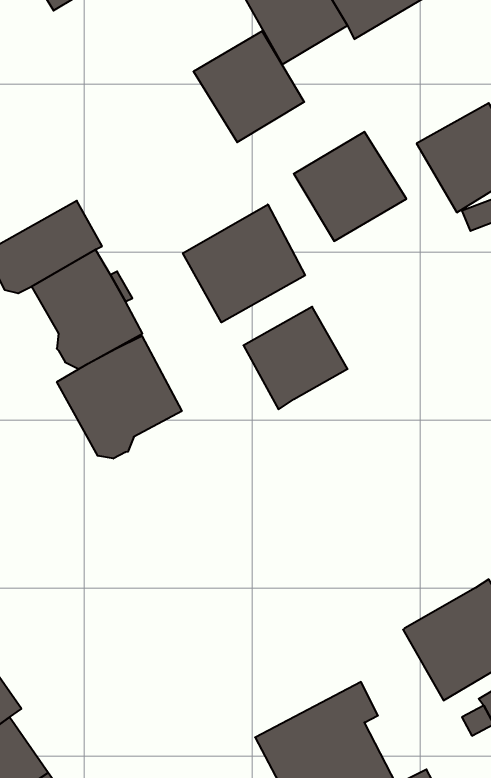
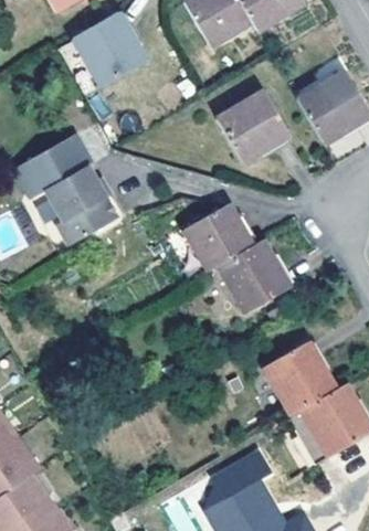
building: [193,31,304,142] -> [74,11,147,84]
building: [183,204,305,322] -> none
building: [57,336,182,459] -> none
building: none -> [218,240,289,312]
building: none -> [263,340,337,415]

